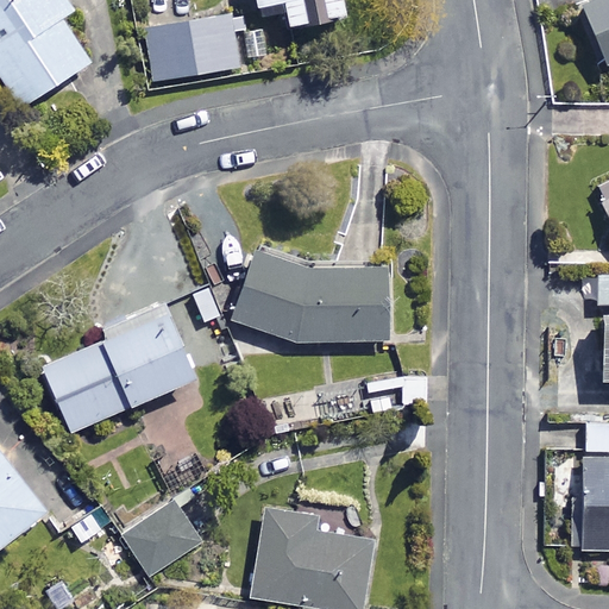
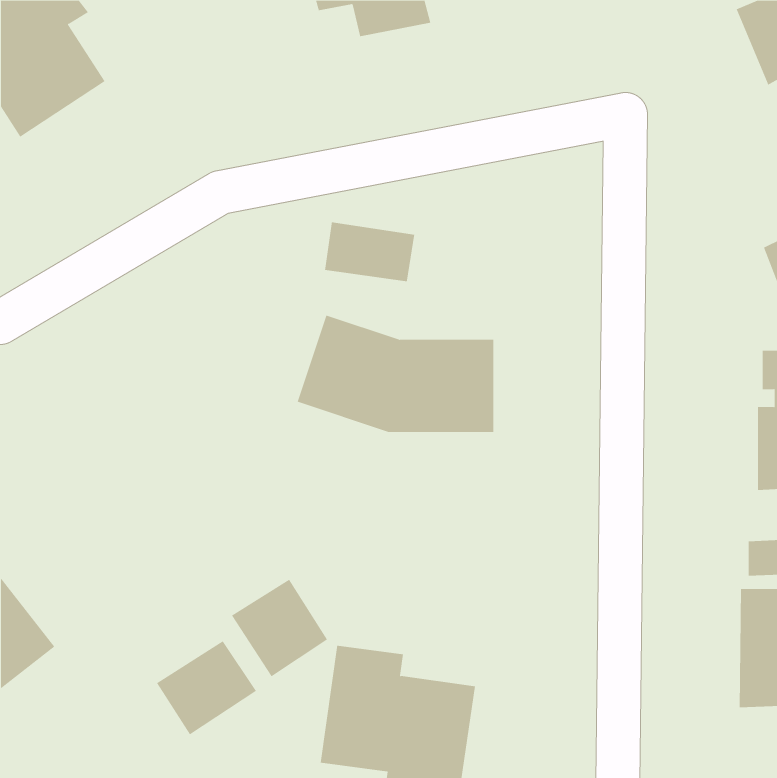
building: [145,17,239,83] -> none
building: none -> [324,221,415,282]
building: [43,307,196,431] -> none
building: none -> [231,579,328,677]

